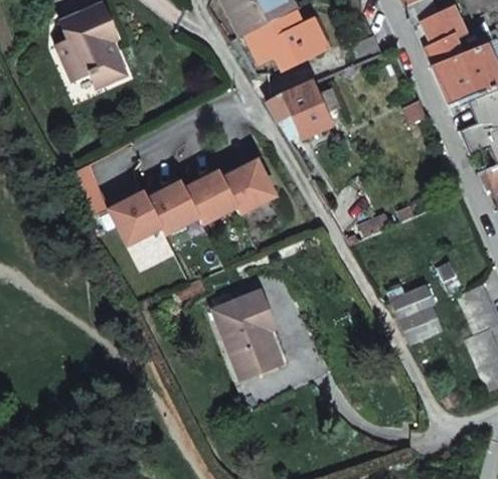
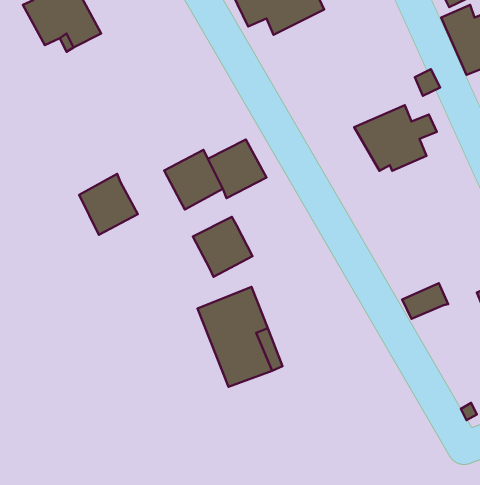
building: [267,82,339,139] -> [354,105,437,171]
building: [146,181,198,233] -> [193,217,252,277]
building: [400,306,440,343] -> none

